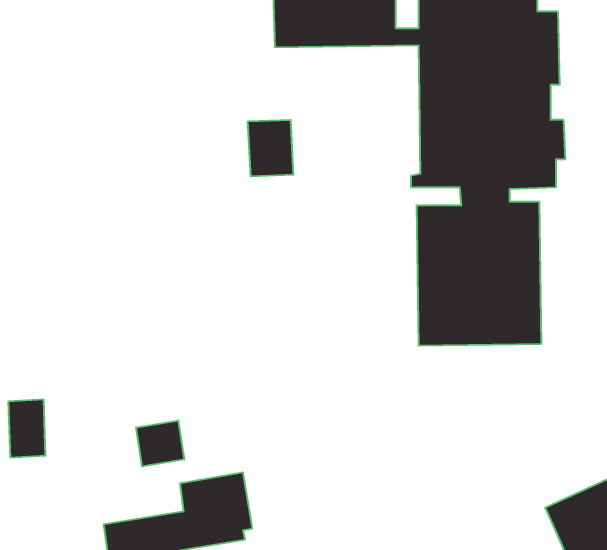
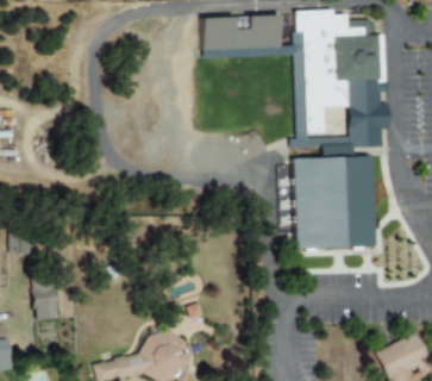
building: [248,120,293,176] -> none
building: [136,420,184,467] -> none

